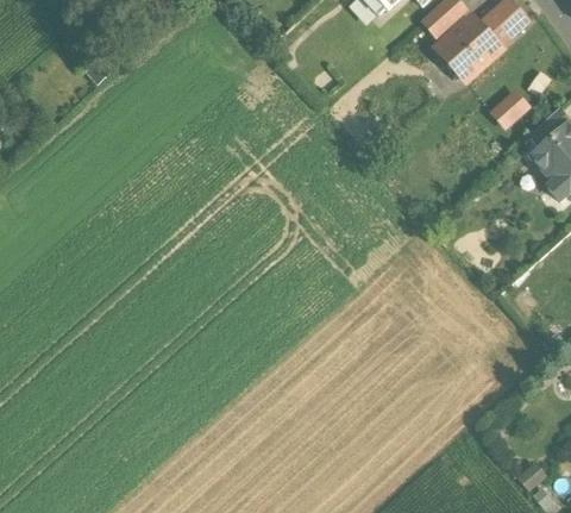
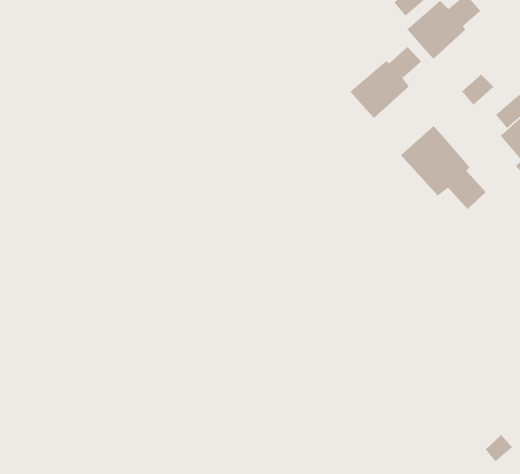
building: none -> [350,46,422,119]
building: none -> [400,125,487,210]

